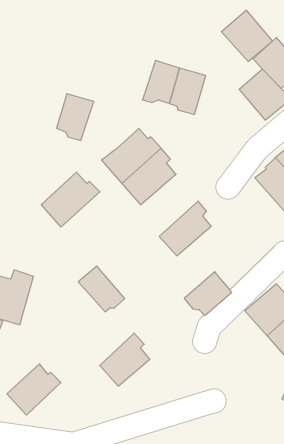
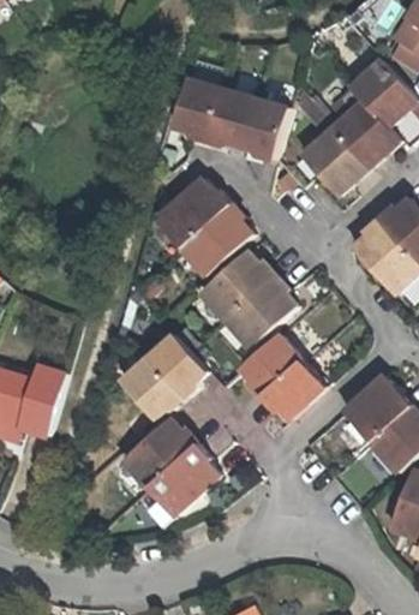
building: [221,10,273,61] -> [299,127,365,193]
building: [57,94,94,140] -> [175,80,223,141]
building: [41,172,100,227] -> [203,246,279,317]
building: none -> [148,333,206,398]
building: none -> [241,335,300,398]
building: [7,364,61,415] -> [126,418,196,484]

